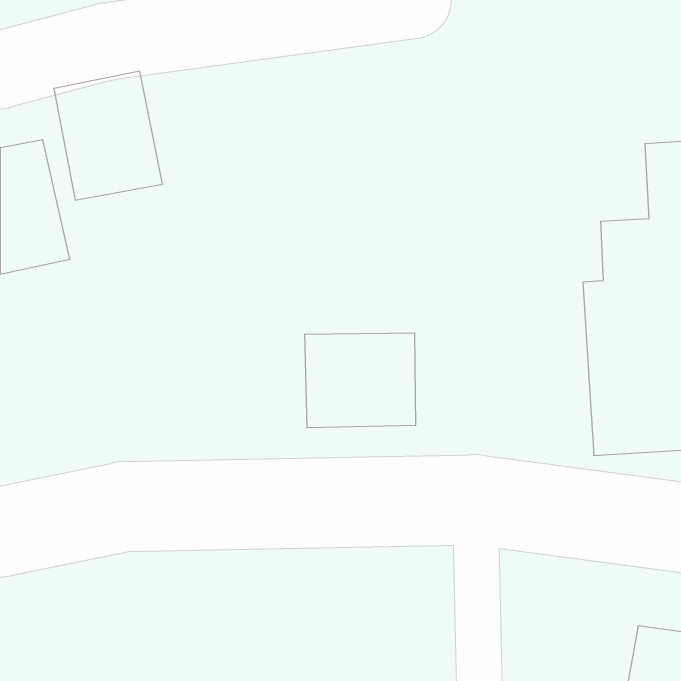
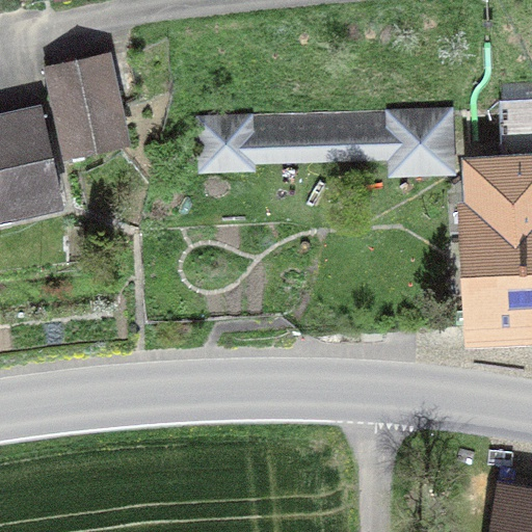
building: none -> [192,102,440,155]
building: [305,333,415,428] -> none

